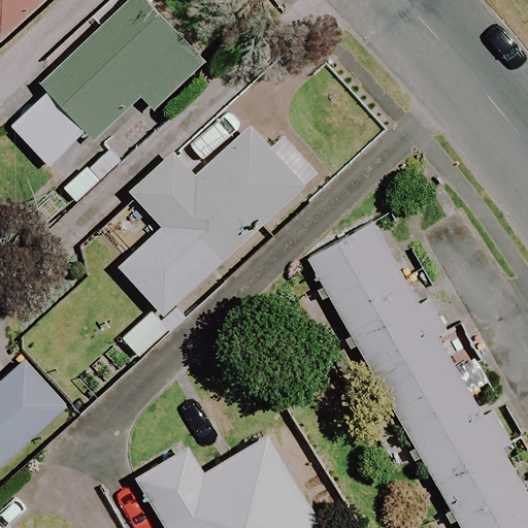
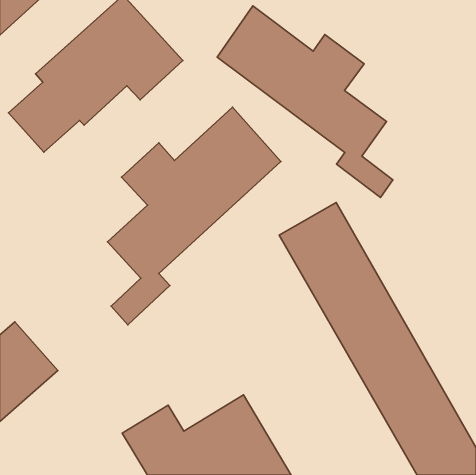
building: none -> [217,6,393,198]

